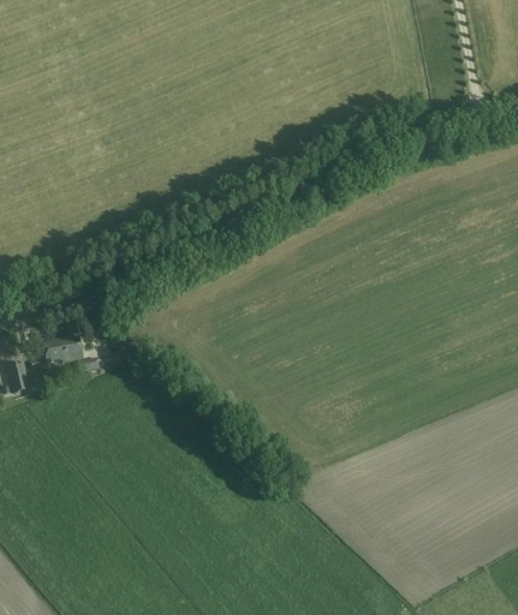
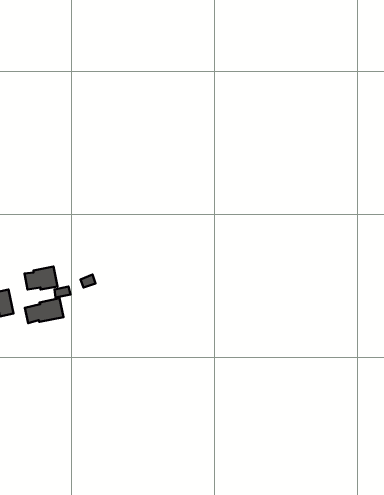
building: none -> [25,298,63,323]

